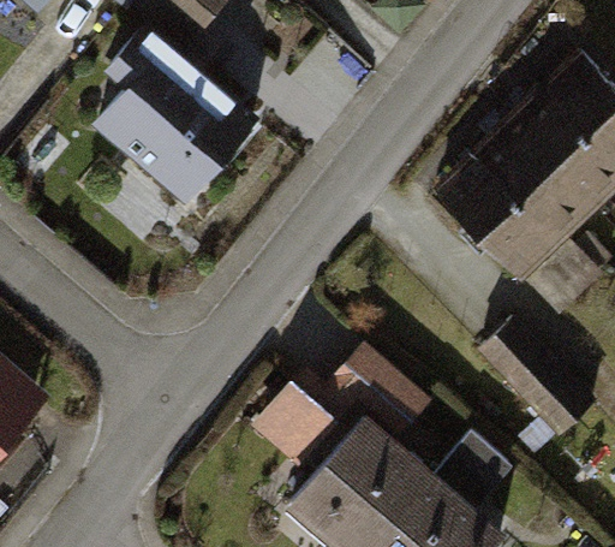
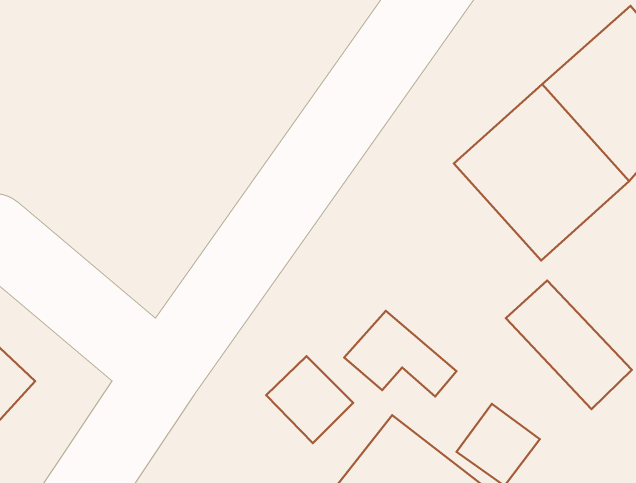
building: [92,49,252,206] -> none

